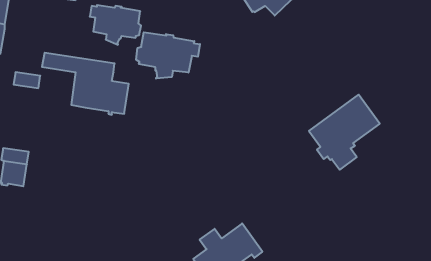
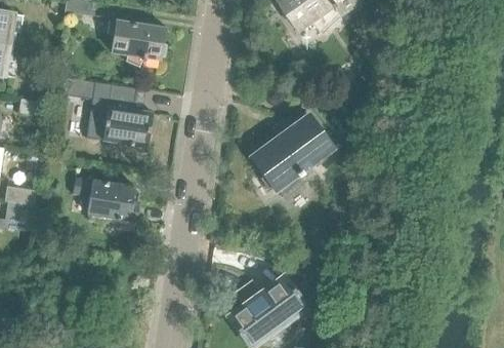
building: [136,32,200,79] -> none
building: [309,95,380,170] -> [250,113,332,200]
building: none -> [72,176,137,221]

